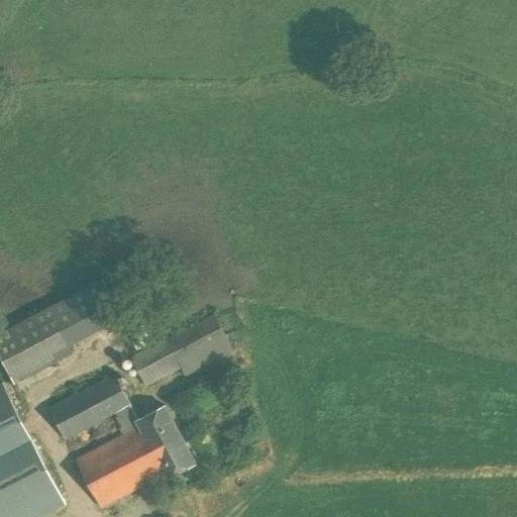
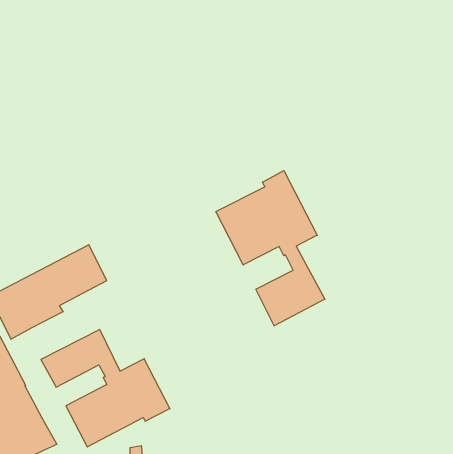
building: none -> [216,171,325,326]
building: [128,315,232,388] -> none

